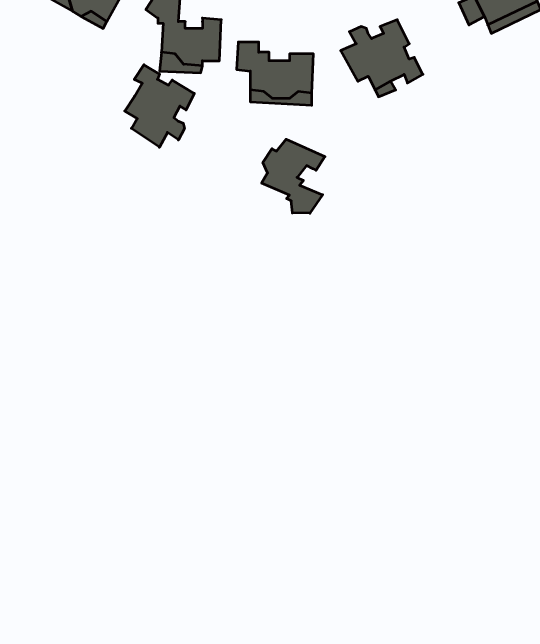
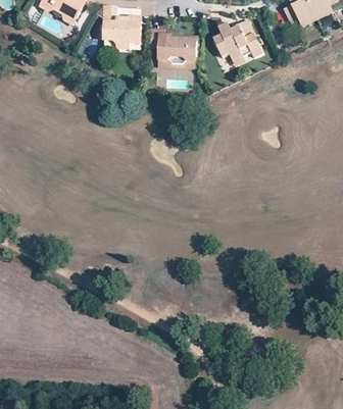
building: [125,65,194,147] -> none
building: [262,139,325,213] -> none

